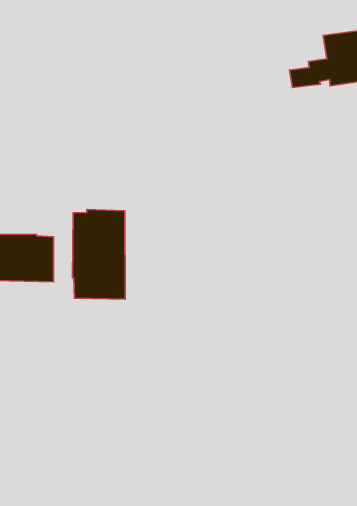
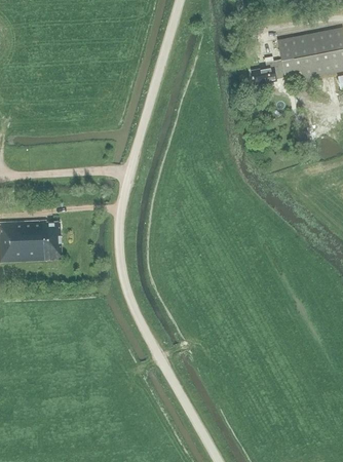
building: [73,209,125,299] -> none

